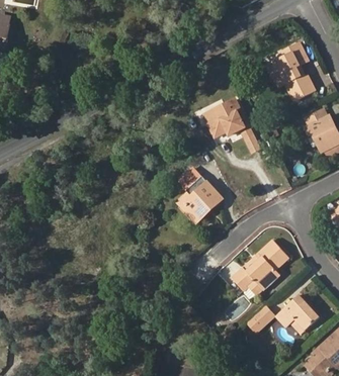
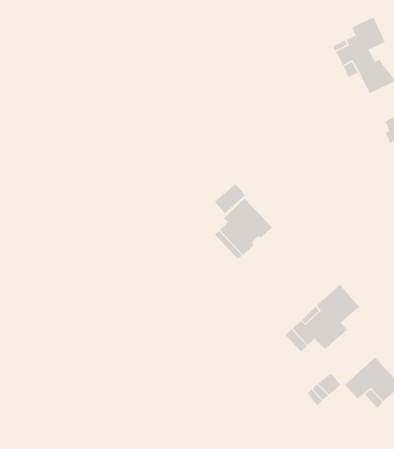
building: [204,97,258,151] -> none

